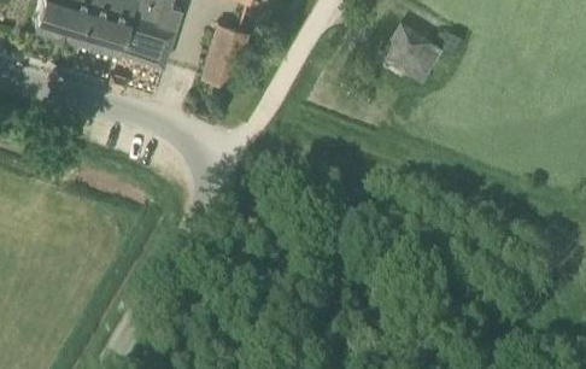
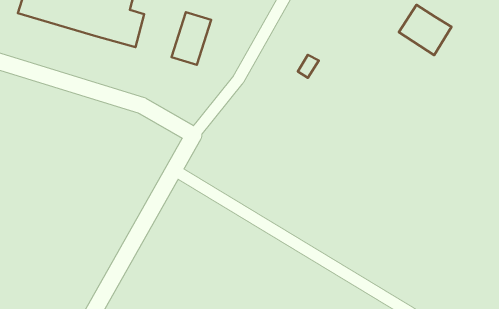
building: [386,27,444,82] -> [399,5,452,55]

